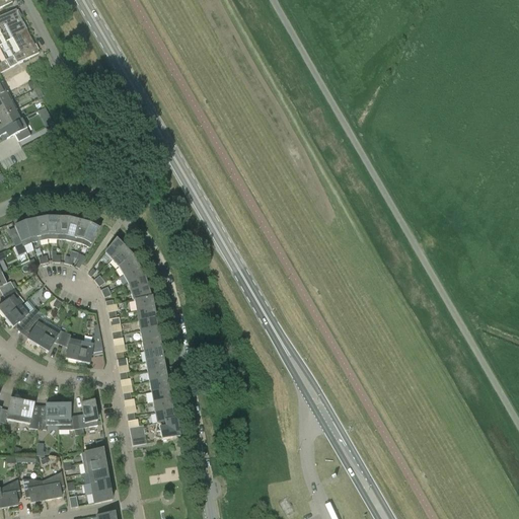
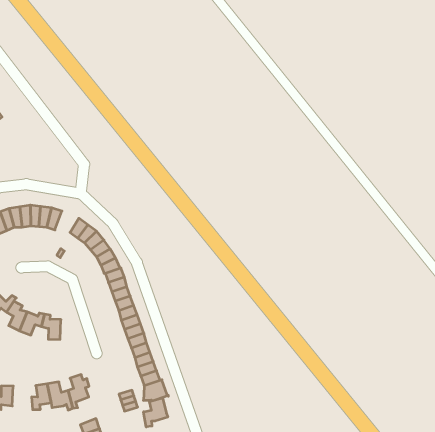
building: [77,335,102,361] -> none
building: [17,399,39,427] -> none
building: none -> [144,398,168,427]

